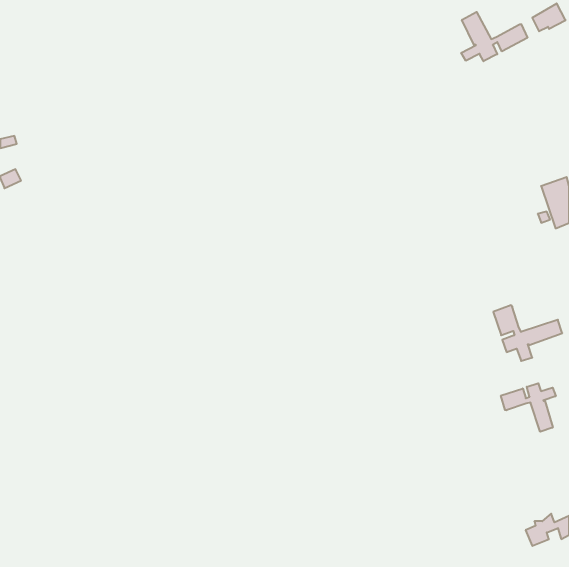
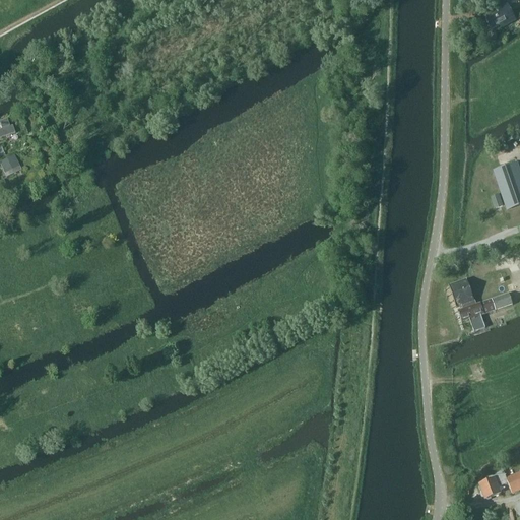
building: [461,12,527,61] -> none
building: [501,383,556,432] -> none

